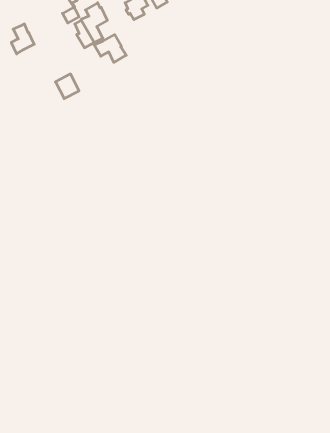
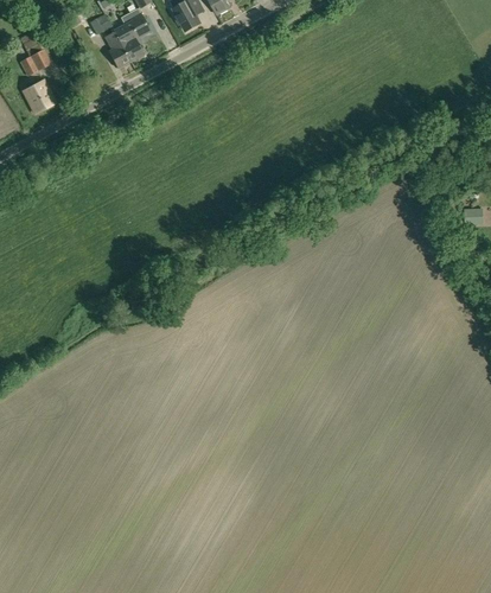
building: [94,35,126,62] -> none
building: [55,74,79,99] -> [25,79,57,113]

